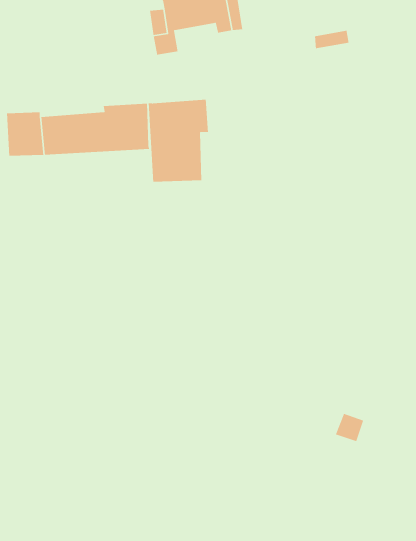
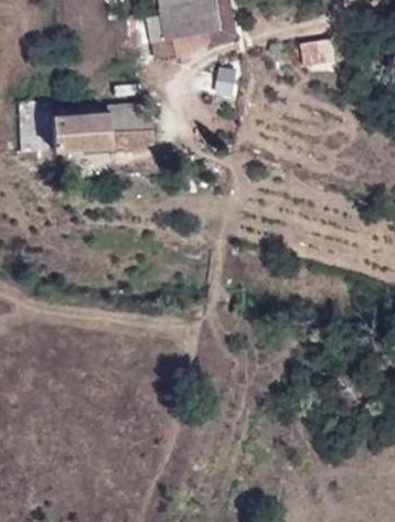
building: [148,99,209,183] -> none

